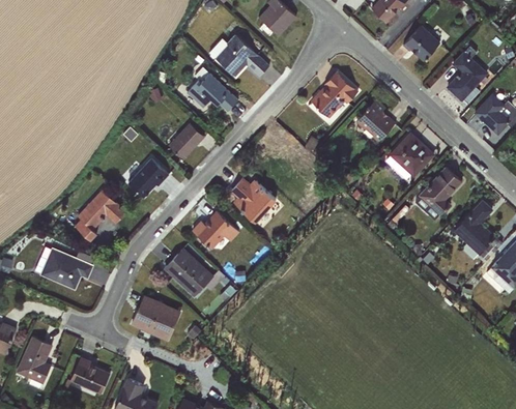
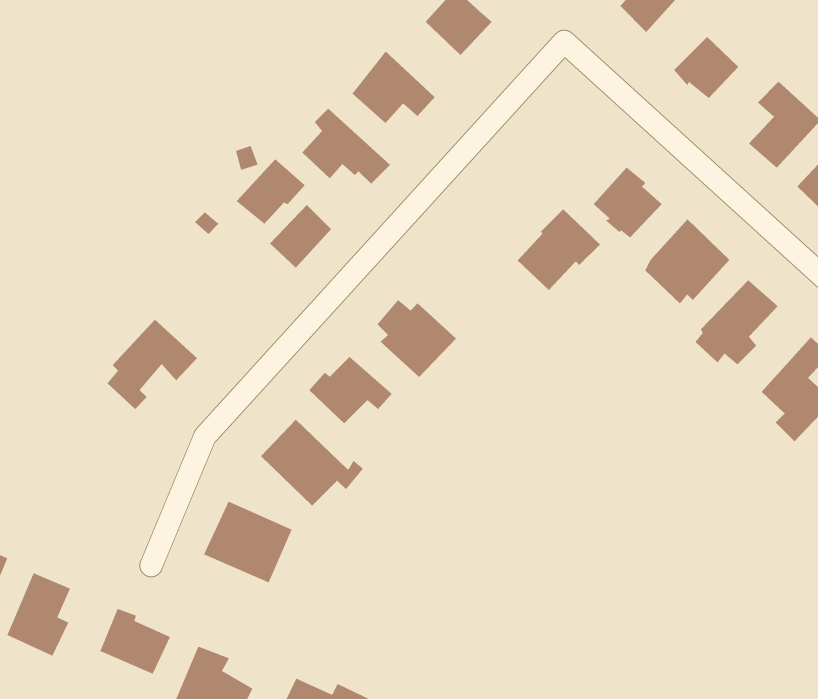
building: [310,70,359,118] -> [517,209,601,291]
building: [127,157,168,196] -> [236,158,306,225]
building: [34,245,93,290] -> none

